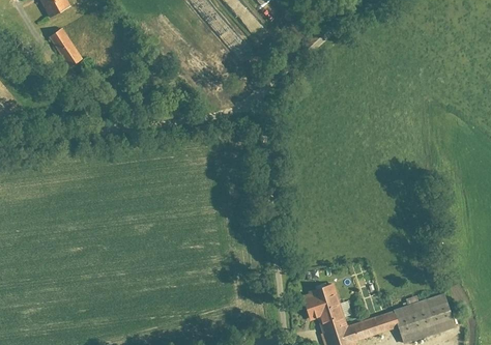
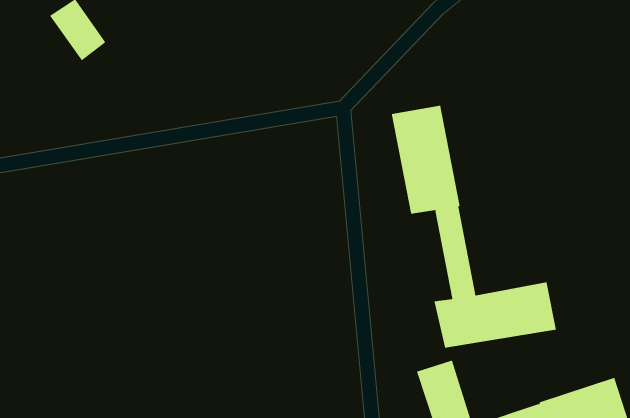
building: none -> [391,105,557,349]

